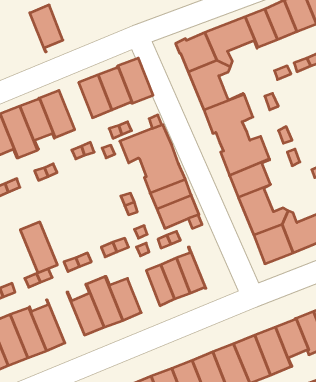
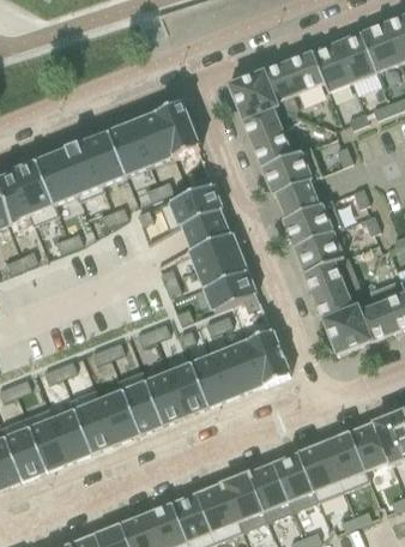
building: [30,5,63,52] -> [84,132,125,190]
building: [20,222,57,273] -> [69,389,115,451]
building: none -> [243,324,289,384]
building: none -> [168,362,207,414]

